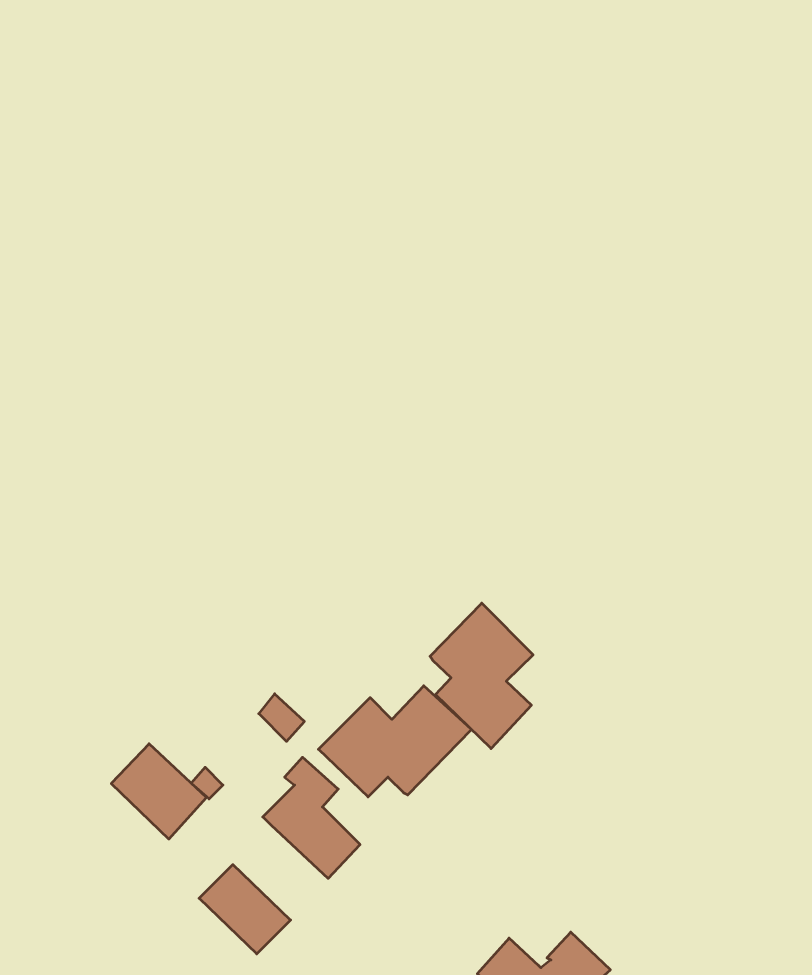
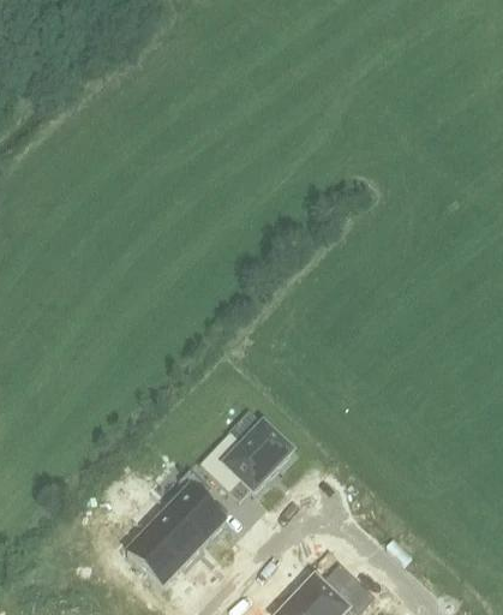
building: [430,603,533,749] -> none
building: [111,744,207,839] -> [148,506,205,563]

